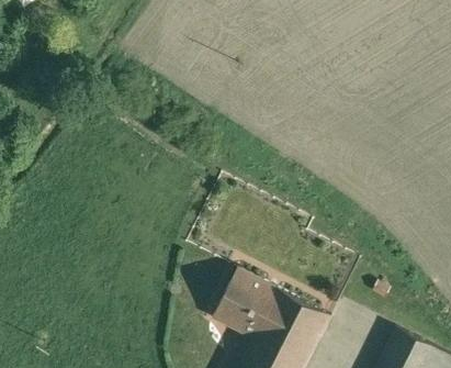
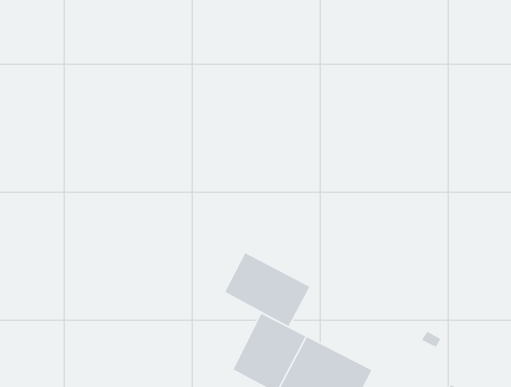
building: none -> [224,252,311,327]

